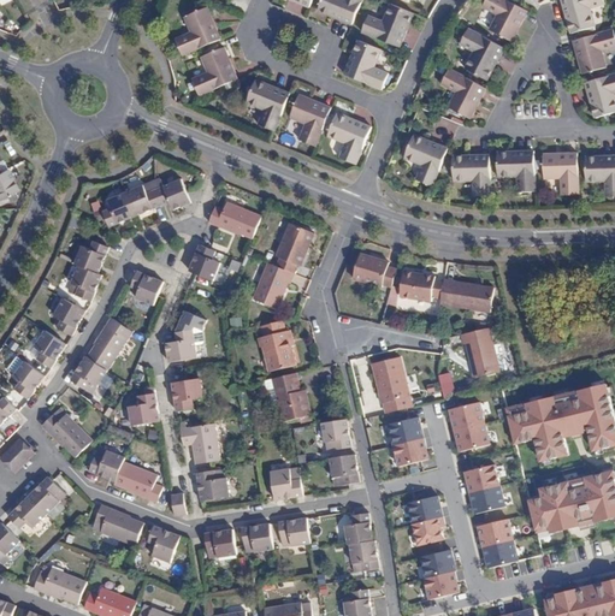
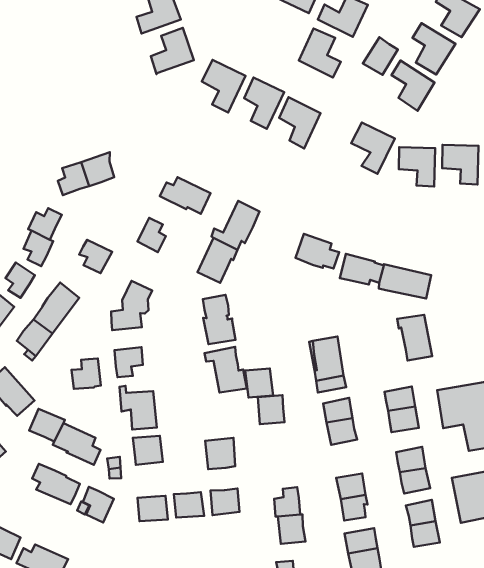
building: none -> [363,37,398,75]
building: [154,178,189,207] -> none
building: [329,454,359,485] -> [245,368,273,398]

